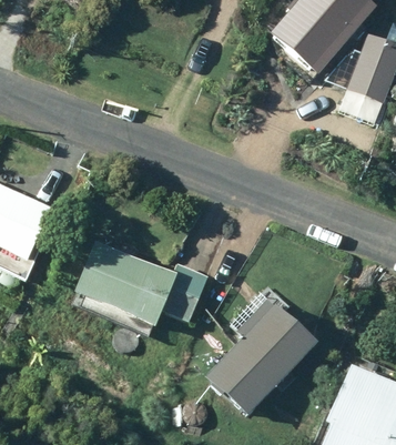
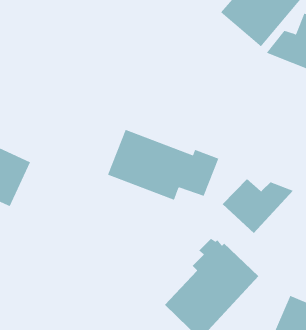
building: none -> [222,178,294,234]
building: [75,241,206,324] -> [107,129,219,200]

